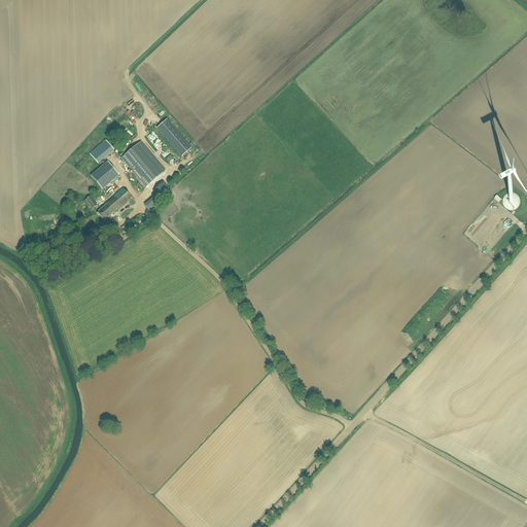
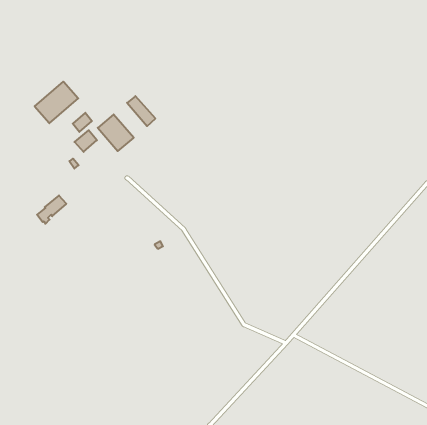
building: none -> [35,82,78,123]
building: [96,187,132,222] -> [37,195,66,224]

